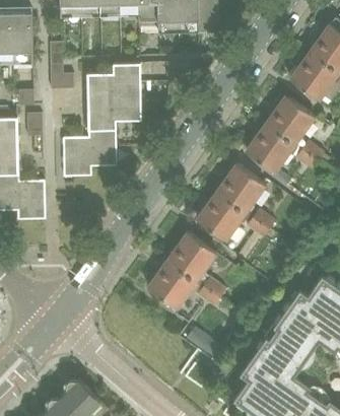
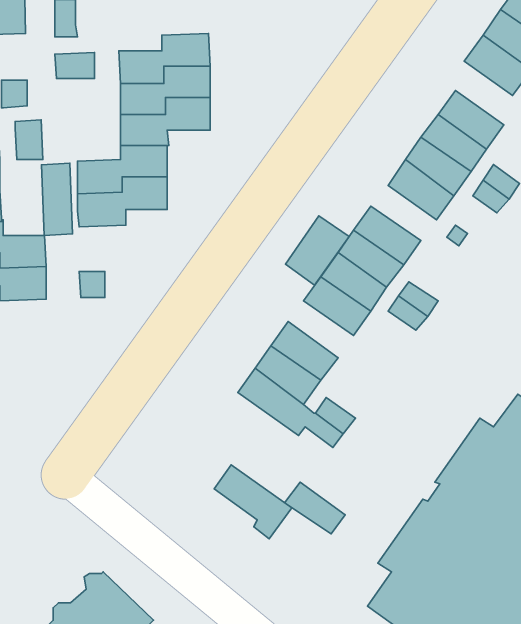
building: none -> [42,163,73,235]
building: none -> [286,216,349,285]
building: [147,272,193,316] -> [214,465,292,539]

